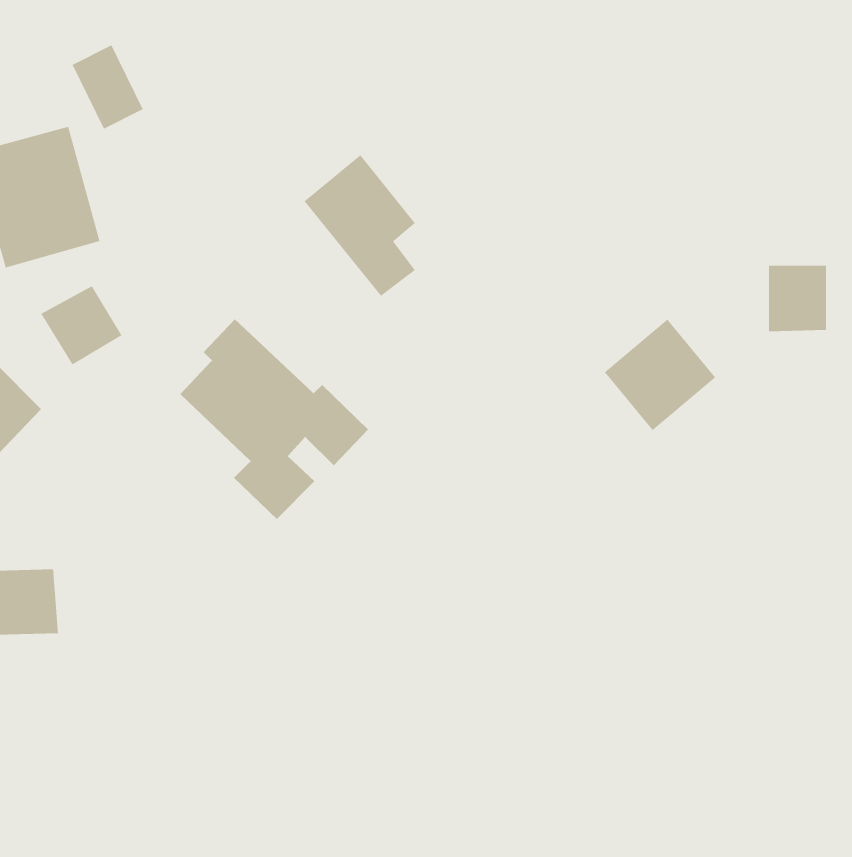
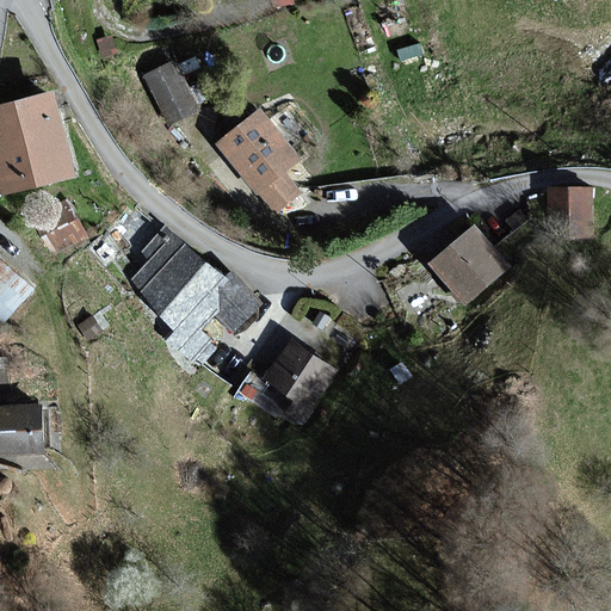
building: [72,44,144,130] -> [143,62,195,123]
building: none -> [260,339,332,419]

